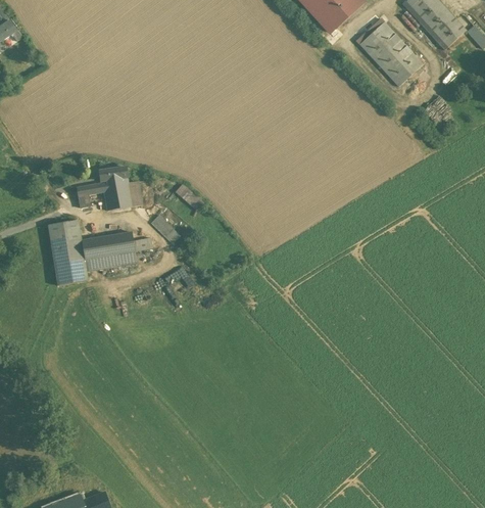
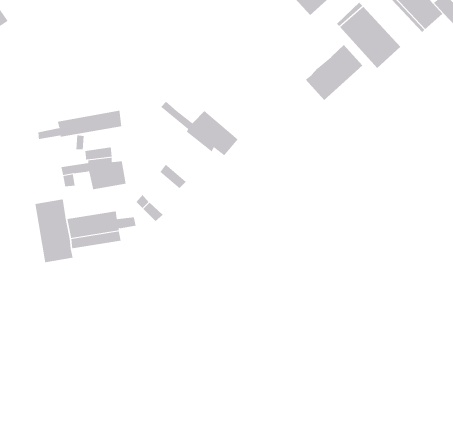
building: none -> [305,44,363,101]
building: none -> [160,101,238,156]
building: none -> [38,110,122,140]

